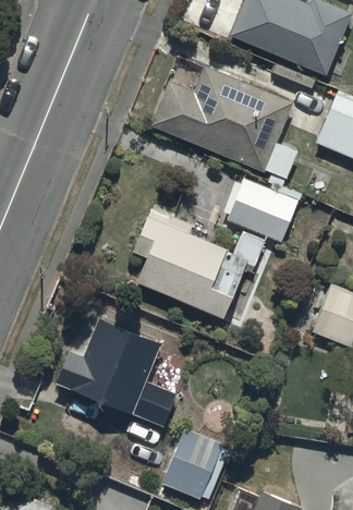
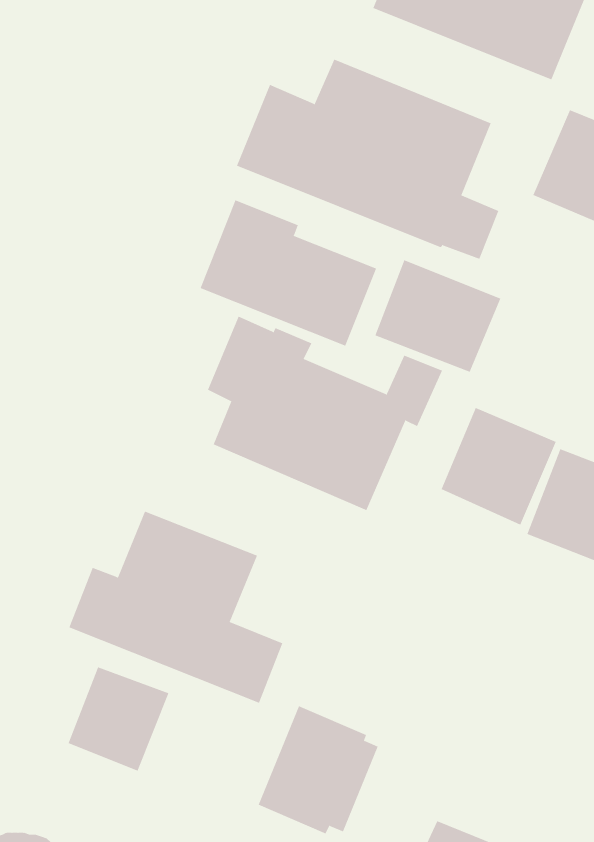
building: none -> [200,199,377,347]
building: none -> [441,407,556,525]
building: none -> [68,666,169,771]

